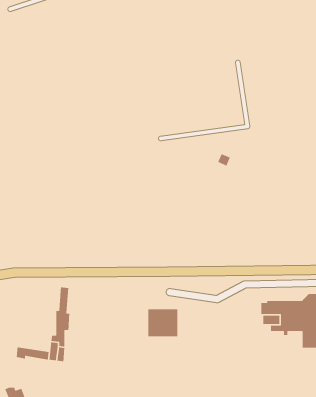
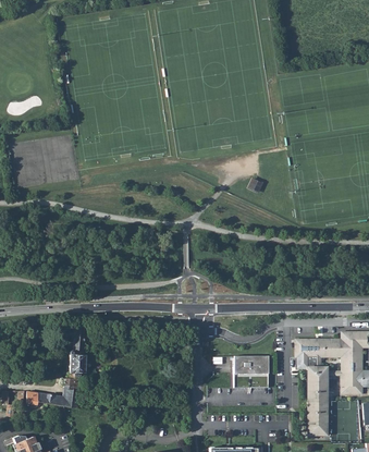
building: [147,308,178,337] -> [235,356,269,388]
building: none -> [308,375,328,435]

